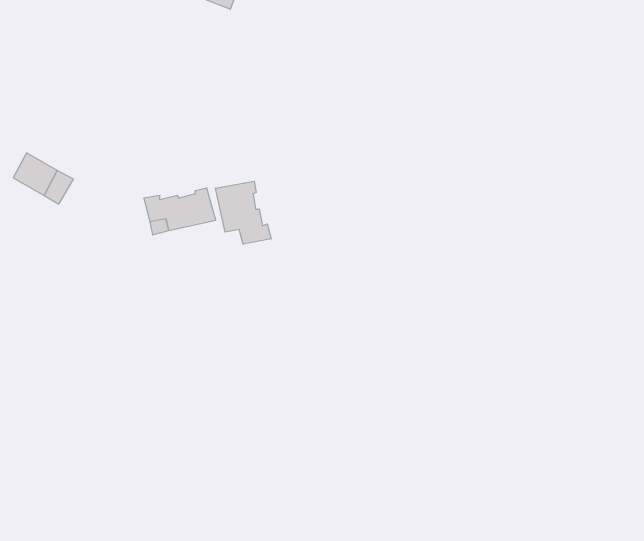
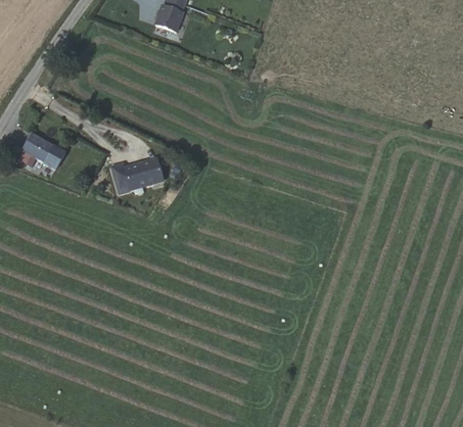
building: [216,181,271,244] -> none

